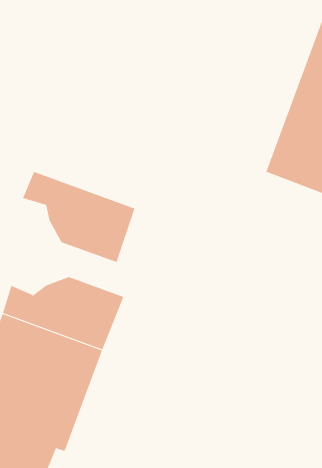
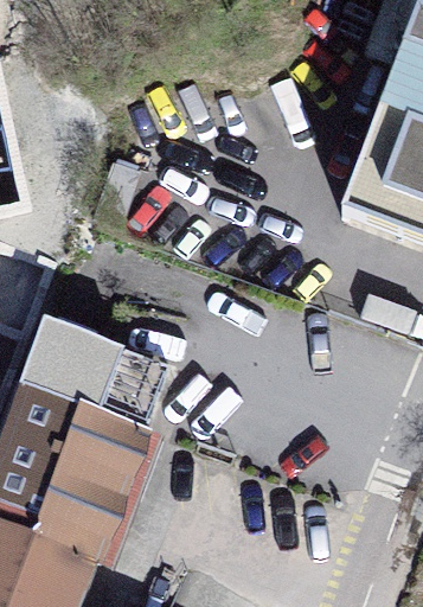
building: [22,171,135,263] -> none

